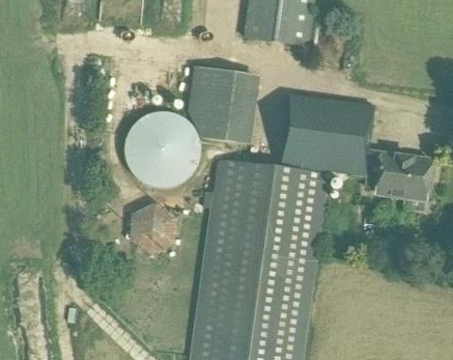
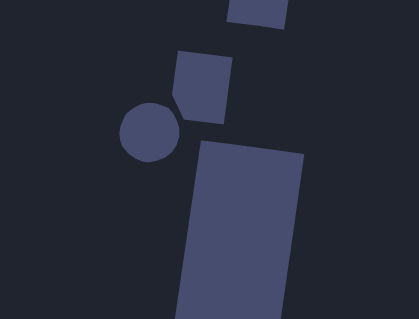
building: [282,95,430,210] -> none
building: [130,202,175,253] -> none

